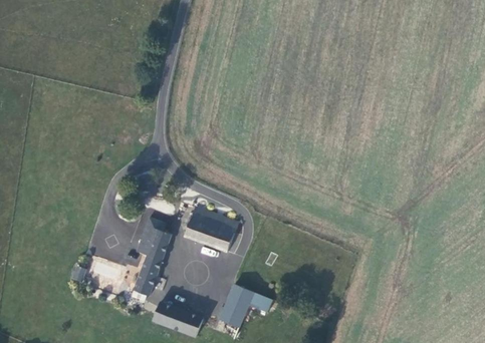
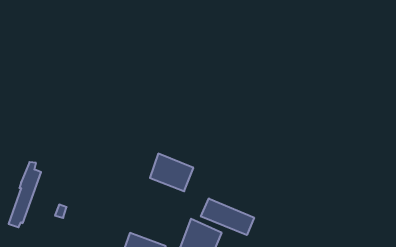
building: [131,222,170,300] -> [9,162,41,227]
building: none -> [201,198,254,235]

